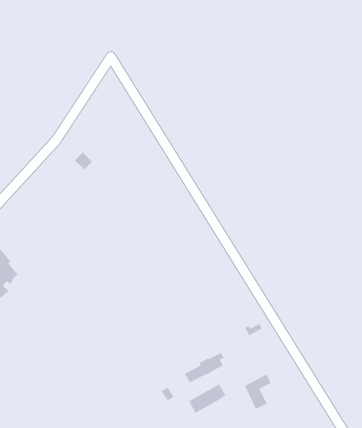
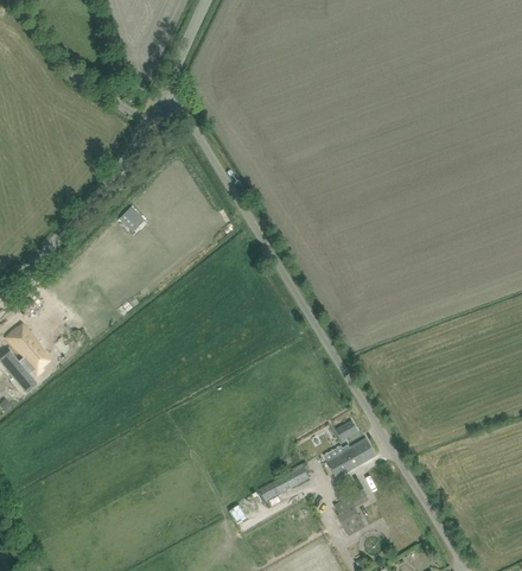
building: [188,383,226,413] -> [327,438,375,476]

